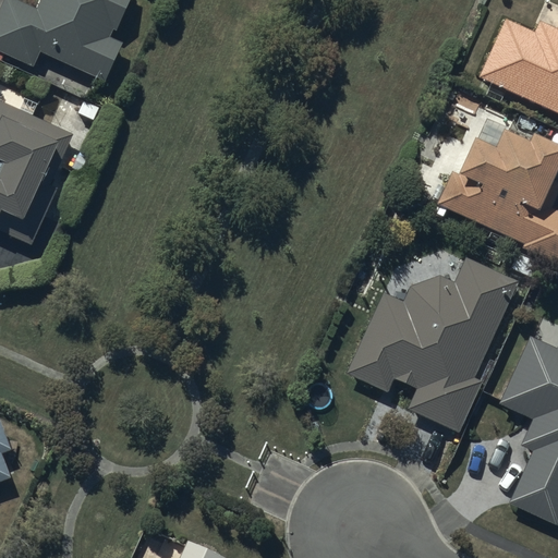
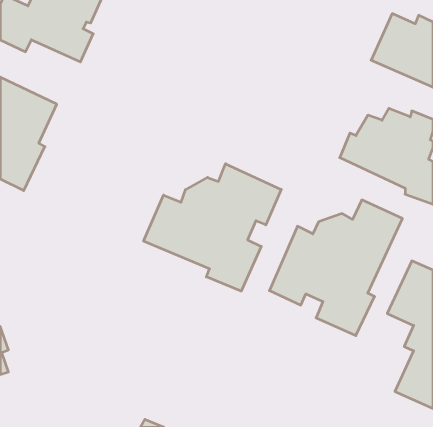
building: none -> [144,164,281,291]

